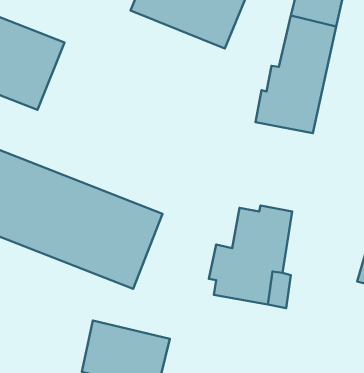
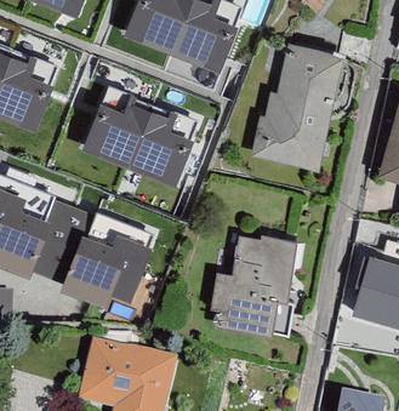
building: none -> [91,89,210,188]

